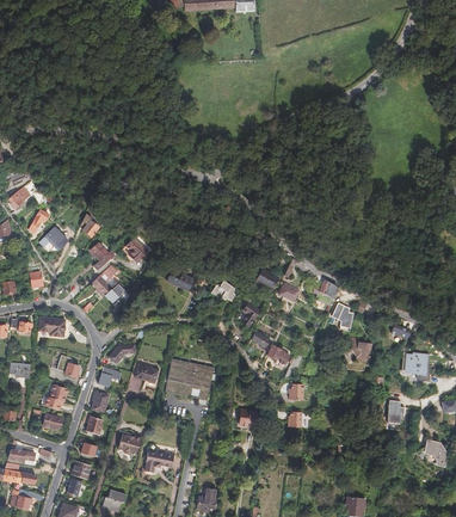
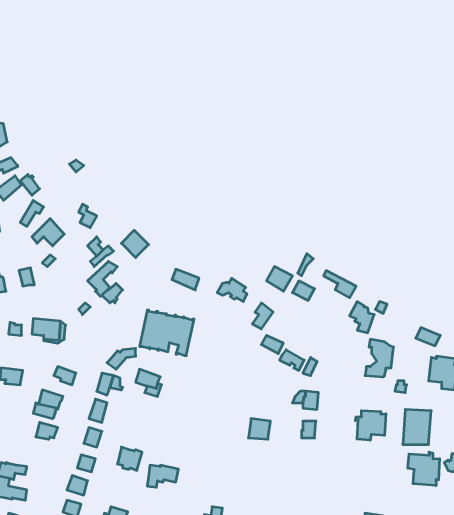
building: [165,358,215,400] -> [140,310,194,356]
building: none -> [355,411,386,440]
building: none -> [408,452,440,486]

